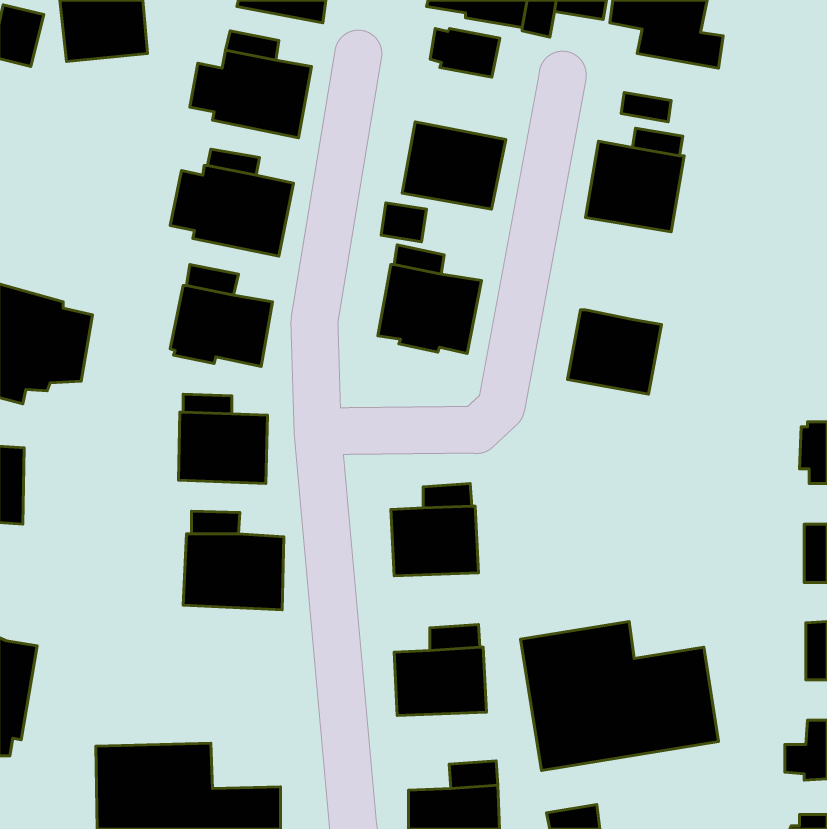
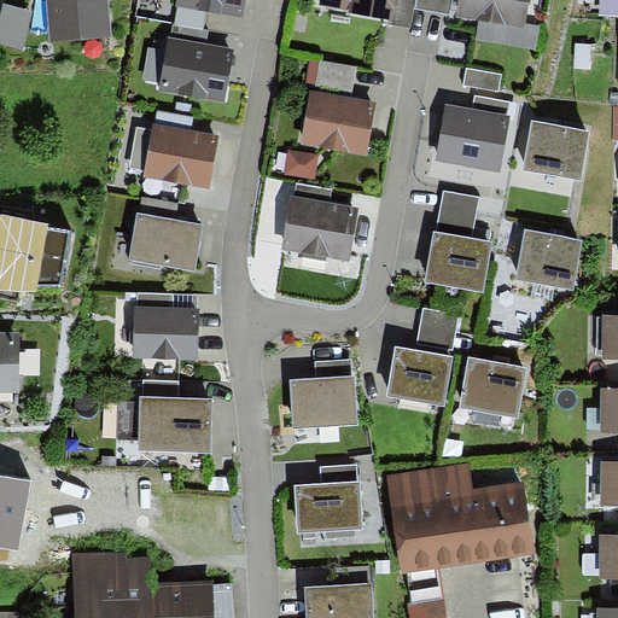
building: [430,28,500,77] -> [305,60,357,97]
building: none -> [524,121,589,181]
building: none -> [436,191,478,238]
building: none -> [515,231,582,290]
building: none -> [416,309,457,350]
building: none -> [386,346,453,407]
building: none -> [459,357,526,419]

